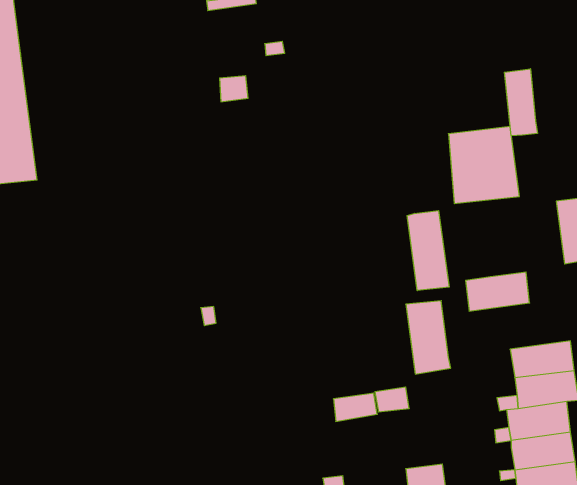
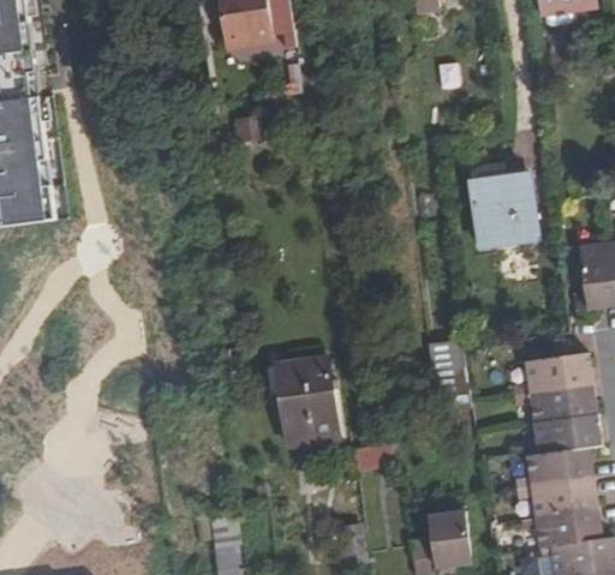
building: [504,69,537,136] -> none
building: [407,211,449,291] -> none
building: [466,272,530,311] -> [527,354,592,394]
building: none -> [276,359,336,445]

